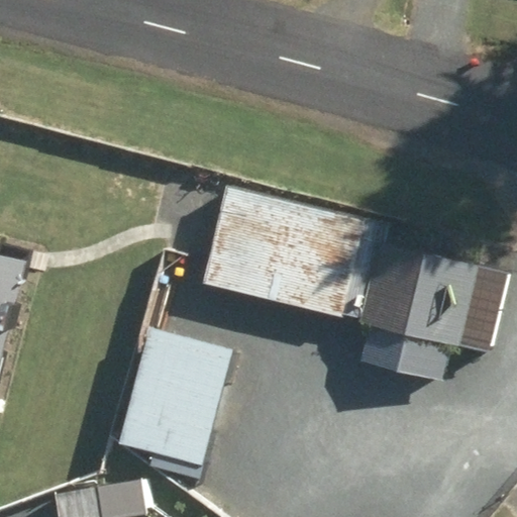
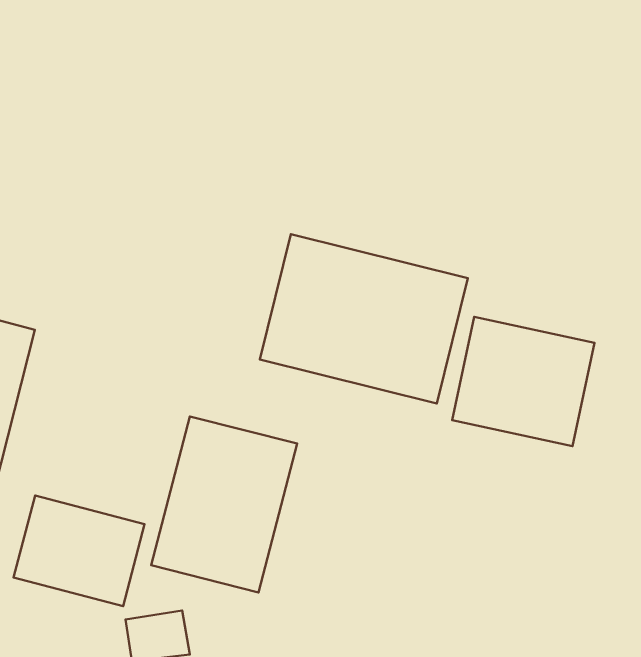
building: none -> [13,495,145,606]

